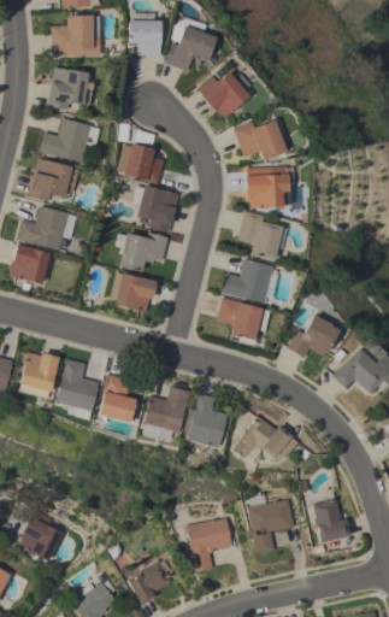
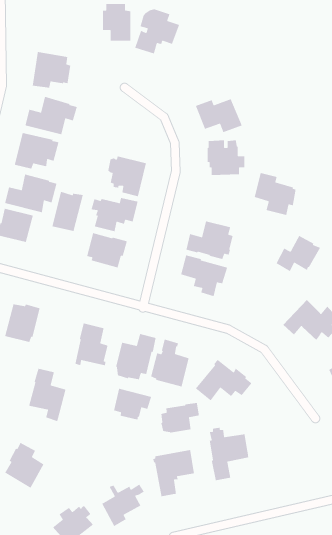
building: [52,14,100,55] -> none
building: [196,71,249,116] -> none
building: [118,143,164,183] -> none
building: [237,210,285,259] -> [254,172,297,216]
building: none -> [51,191,84,232]
building: [287,315,338,357] -> [275,235,321,272]
building: [54,358,98,419] -> [28,368,66,422]
building: none -> [113,388,152,421]
building: none -> [160,402,200,434]
building: [313,499,349,541] -> none

